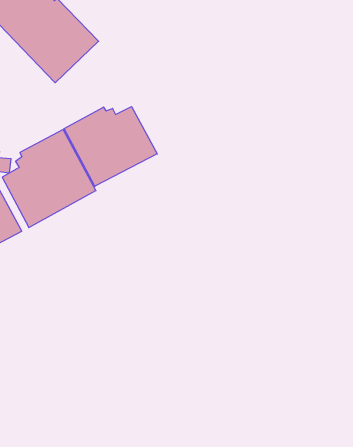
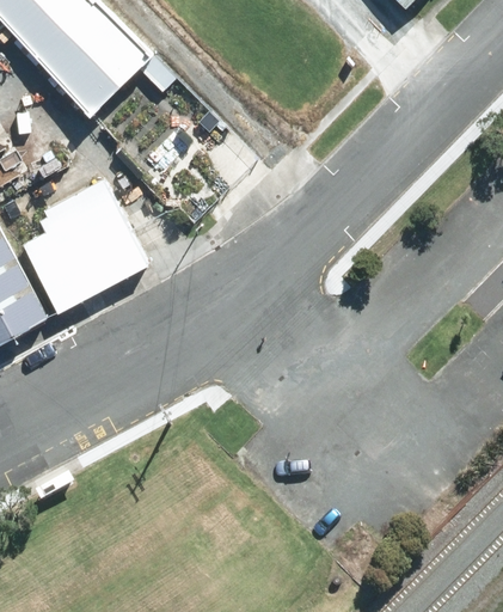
building: [64,107,157,186] -> none

